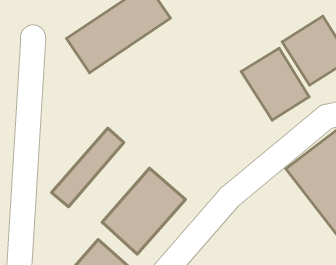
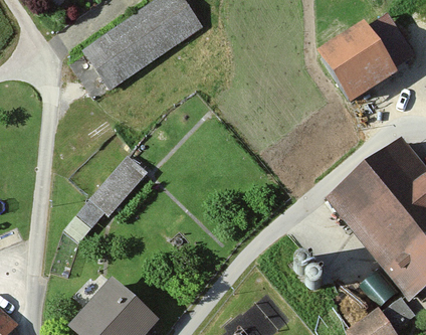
building: [241,48,309,120] -> none
building: [102,168,185,254] -> none

